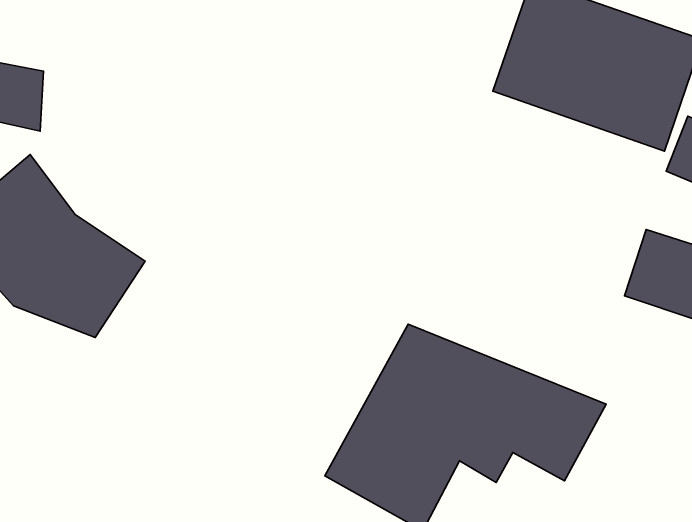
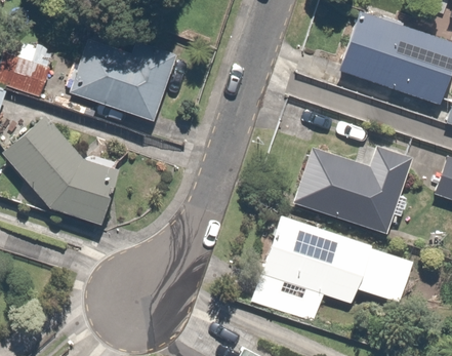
building: none -> [59,34,175,134]
building: none -> [281,137,403,236]

